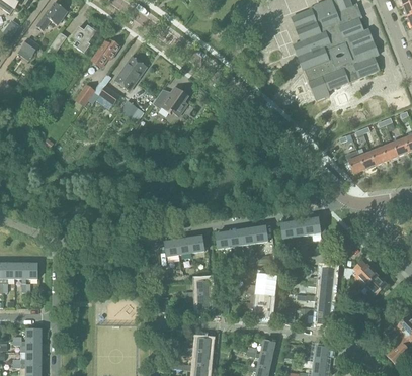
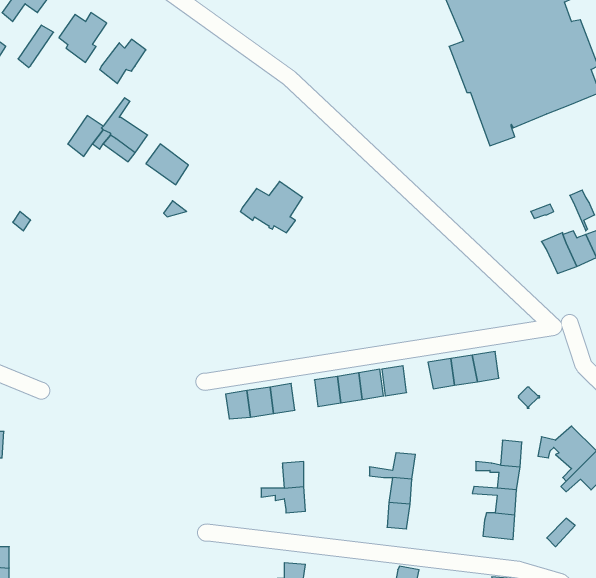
building: [115,55,146,88] -> none
building: [153,85,188,114] -> [240,181,303,233]

